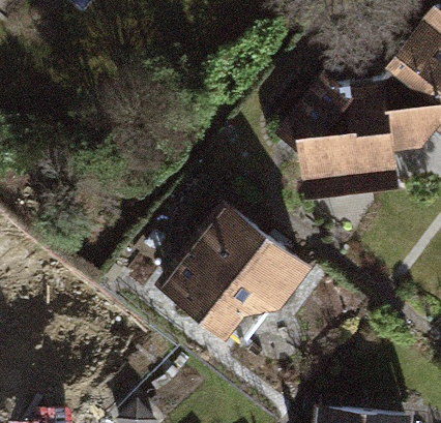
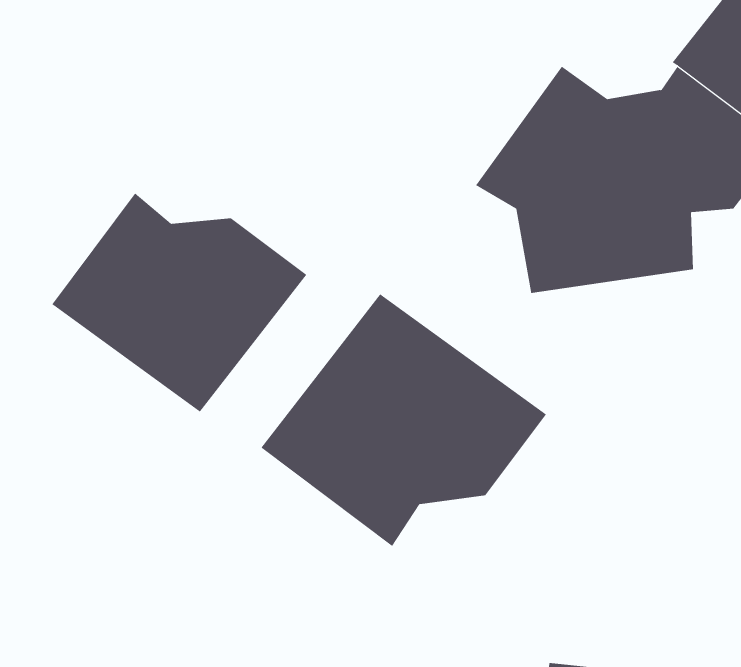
building: none -> [51,192,307,413]

